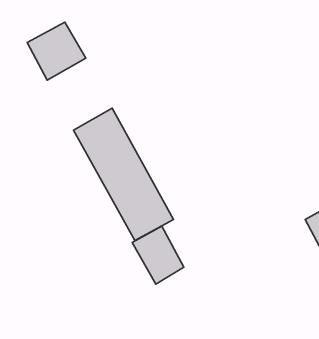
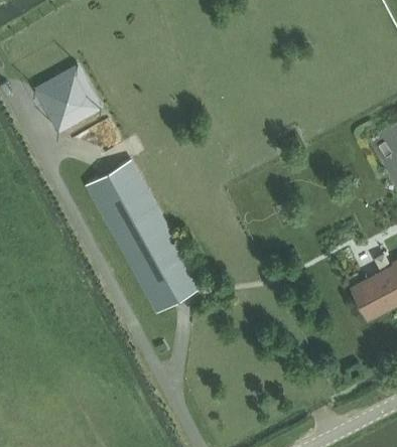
building: [132,226,184,284] -> none

